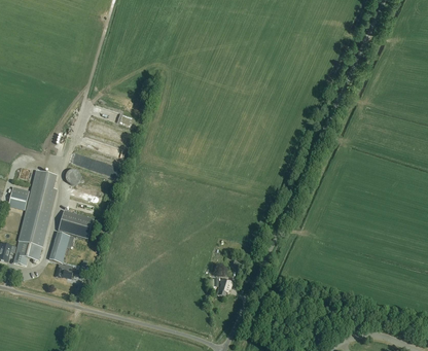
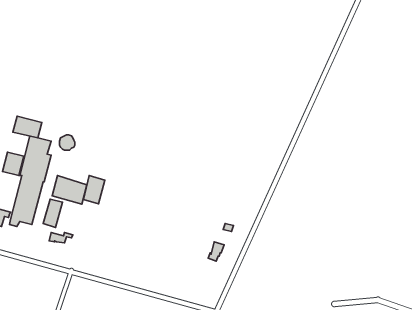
building: none -> [13,116,42,138]
building: none -> [83,175,105,204]

